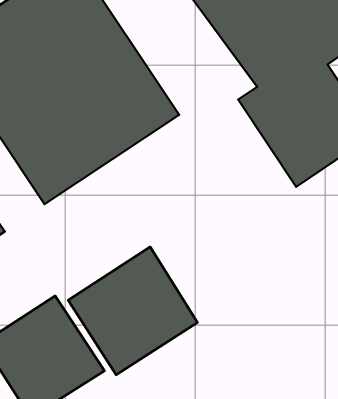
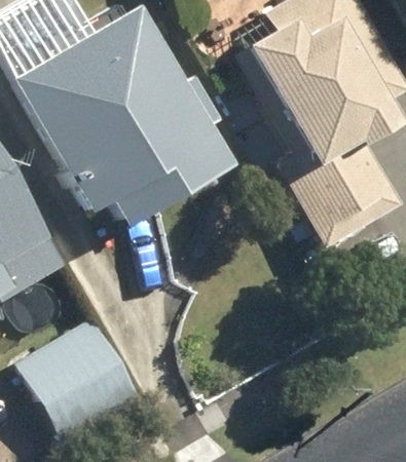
building: [68,247,197,375] -> none

